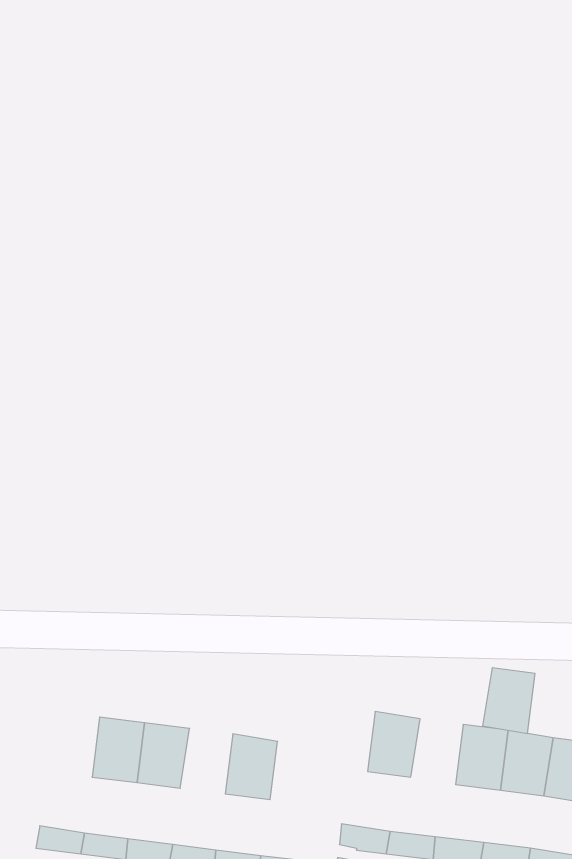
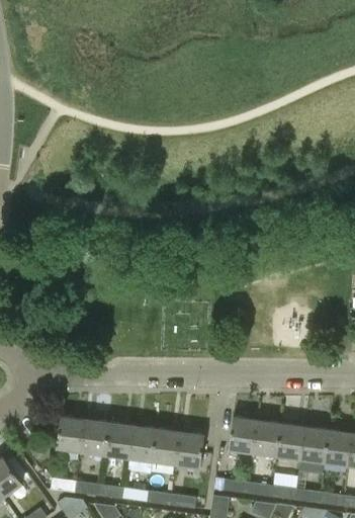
building: [483,668,535,733] -> [253,420,281,455]
building: none -> [57,416,85,451]
building: none -> [128,425,157,460]
building: none -> [177,432,205,467]

